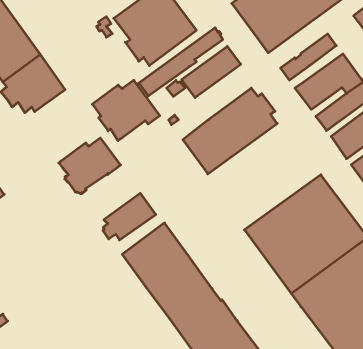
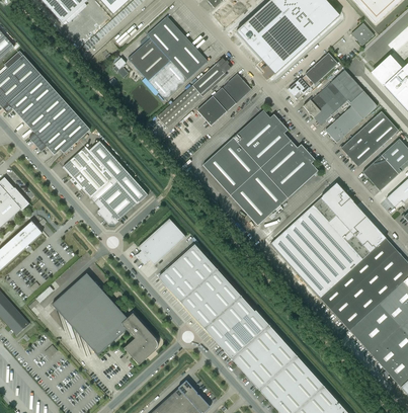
building: [92,80,160,141] -> [63,140,127,197]
building: none -> [230,140,317,224]
building: none -> [52,271,157,362]

